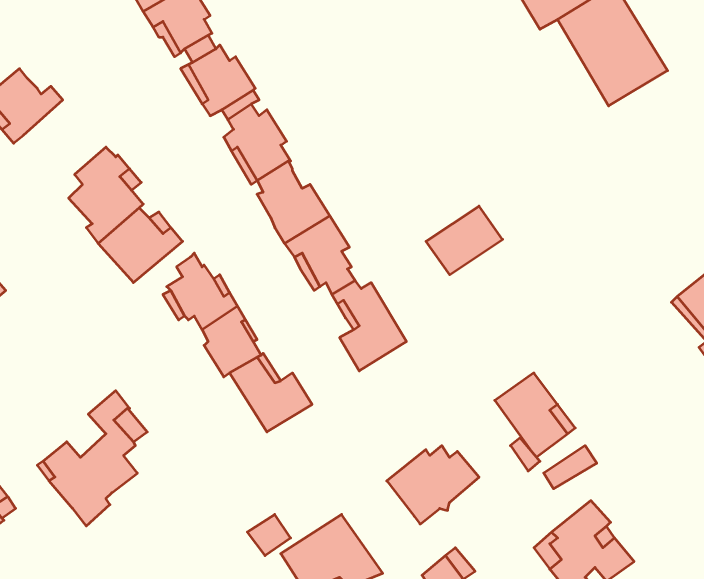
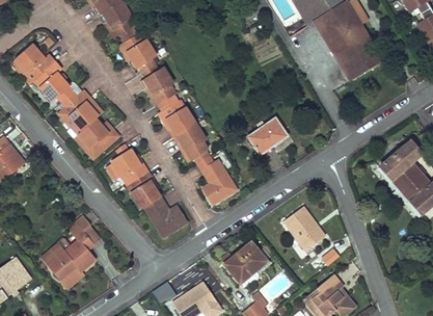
building: none -> [344,46,383,78]
building: none -> [34,61,78,101]

